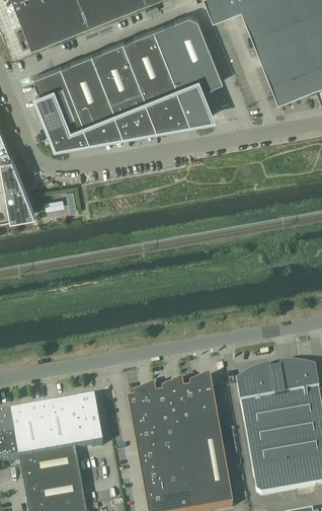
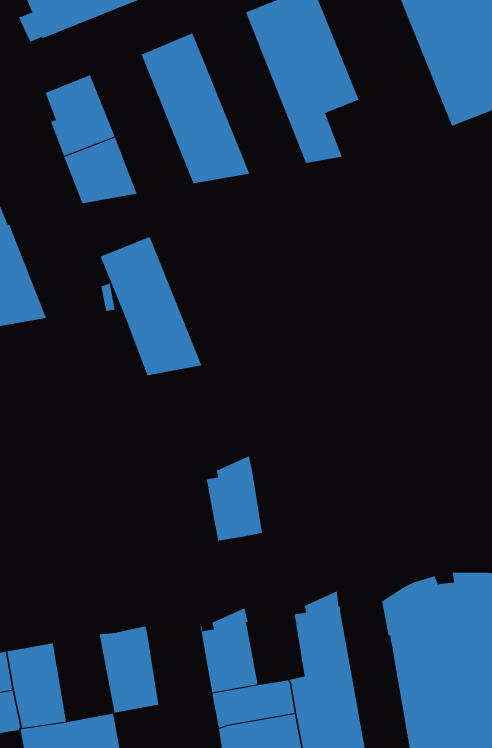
building: [123,28,190,126] -> none
building: [61,54,123,138] -> [100,236,202,376]
building: [155,382,189,434] -> [206,455,263,541]
building: [38,404,75,456] -> none

